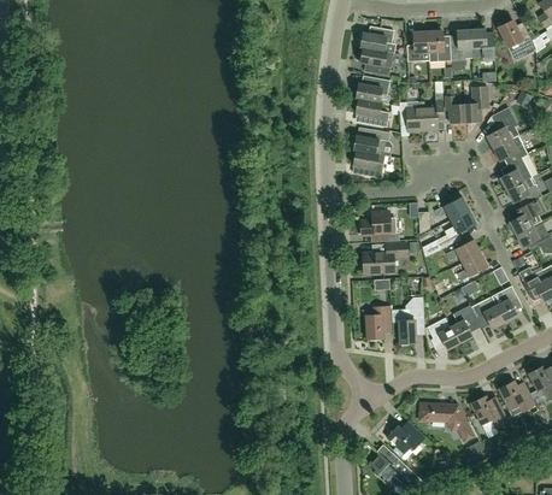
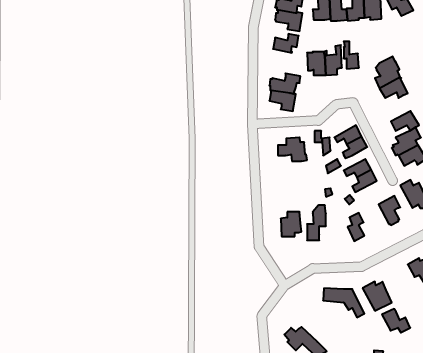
building: [464,86,488,122] -> none
building: [354,98,389,126] -> none
building: [500,157,532,190] -> none
building: [363,242,407,272] -> none
building: [471,296,504,329] -> none
building: [427,317,459,349] -> none
building: [498,381,534,411] -> [382,309,410,333]
building: [386,420,424,456] -> none

